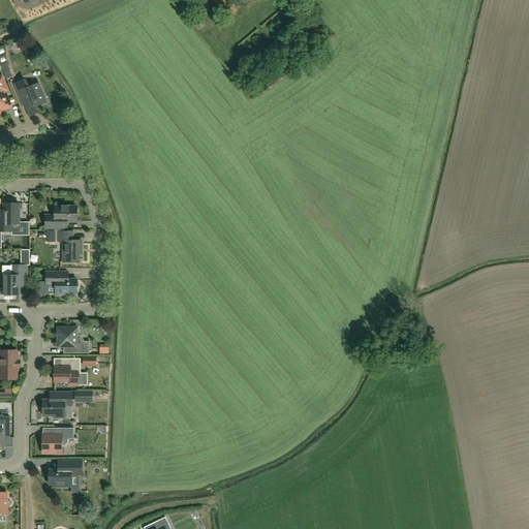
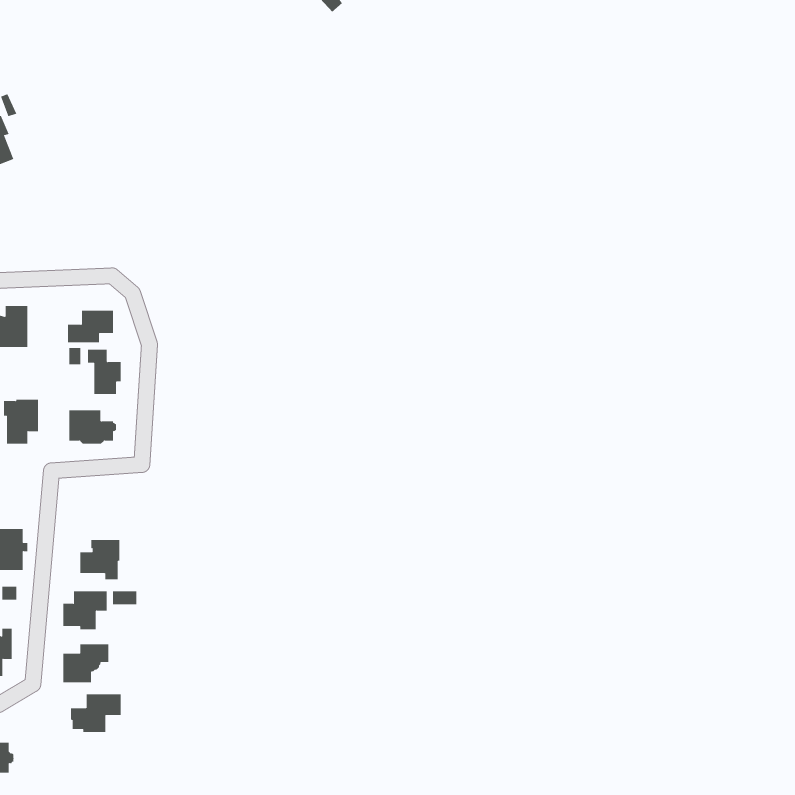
building: [14,80,45,107] -> none
building: [57,328,89,352] -> none

